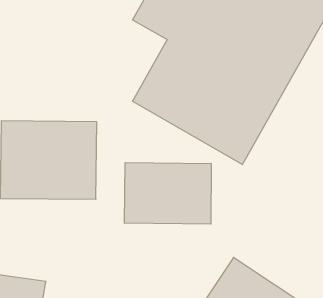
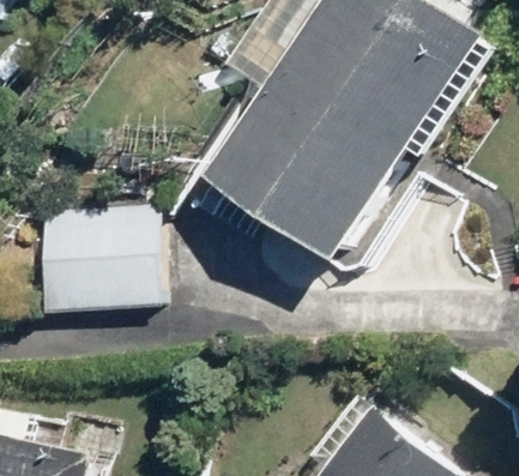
building: [125,163,211,224] -> none

